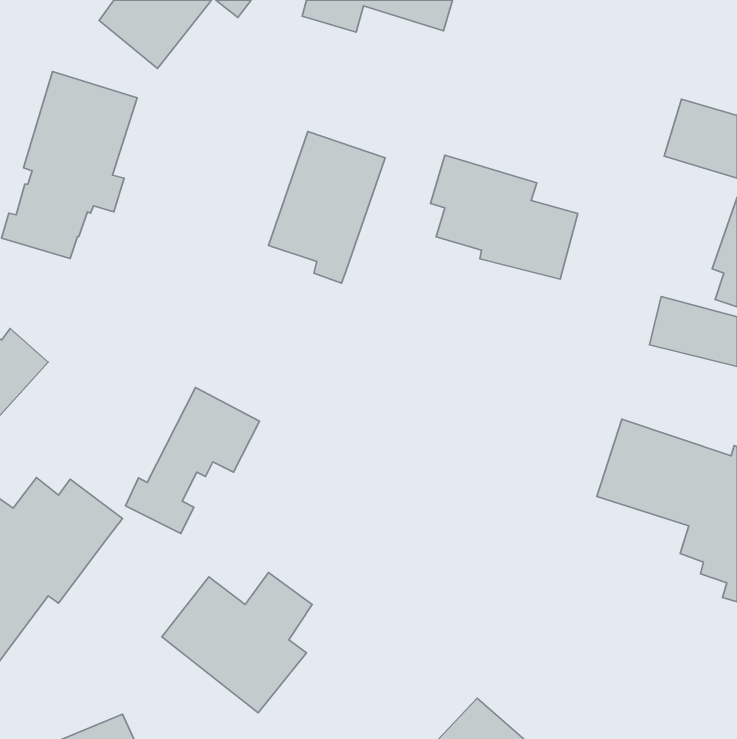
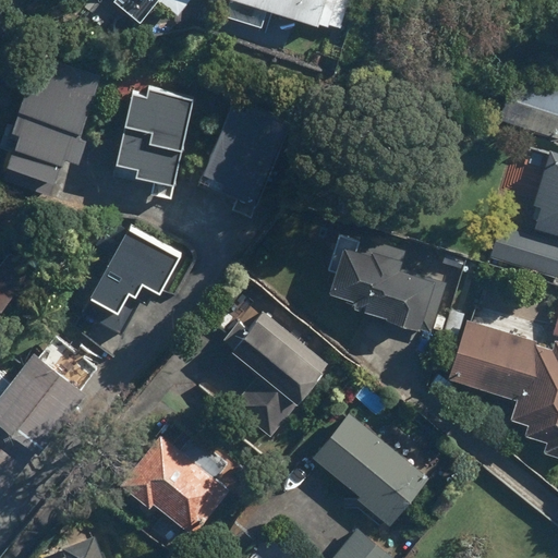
building: none -> [116,88,195,201]
building: [430,155,578,279] -> [329,234,439,327]
building: [125,387,260,533] -> [76,222,177,331]
building: none -> [232,314,331,438]
building: none -> [311,412,428,523]

